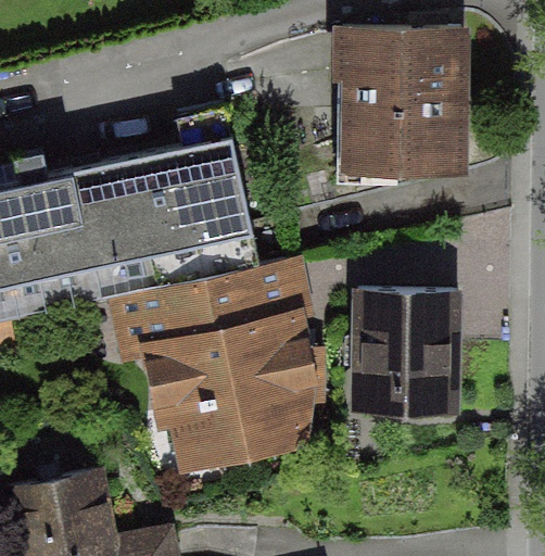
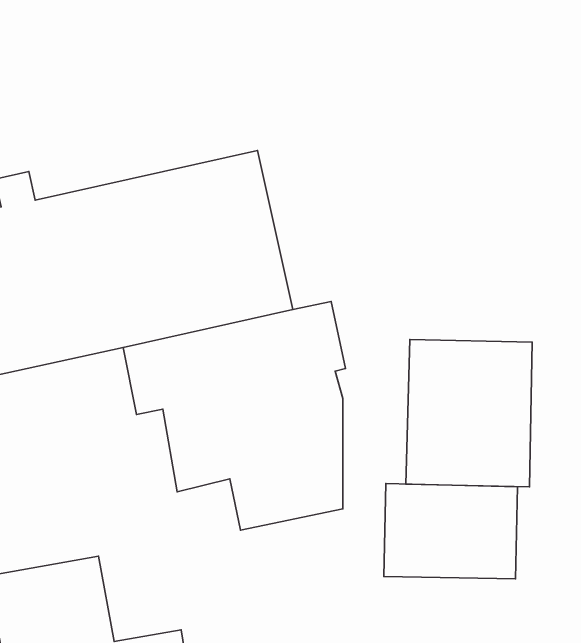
building: [341,31,460,175] -> none
building: none -> [384,484,517,579]

